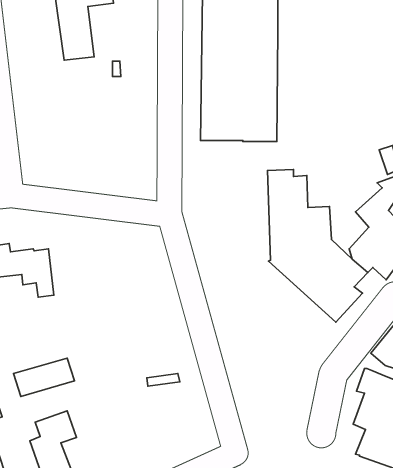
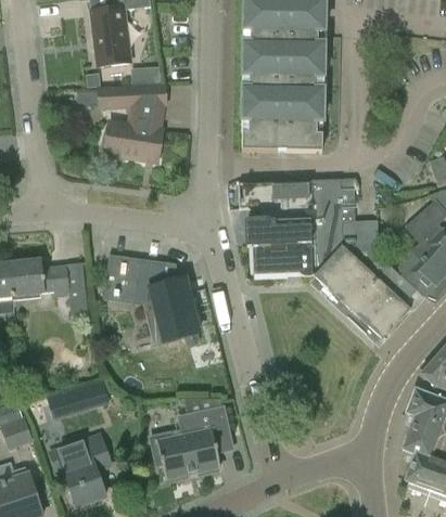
building: none -> [99,85,166,161]
building: none -> [246,180,315,277]
building: none -> [103,254,199,344]
building: none -> [151,406,232,478]

